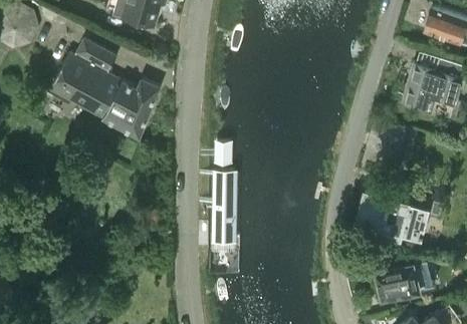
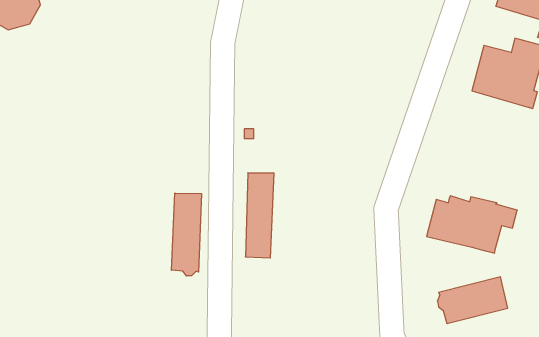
building: [48,41,159,140] -> none
building: none -> [171,193,202,276]

